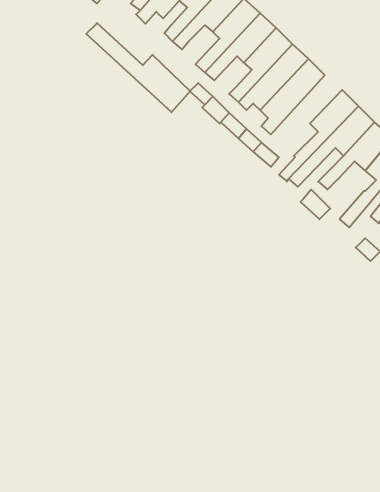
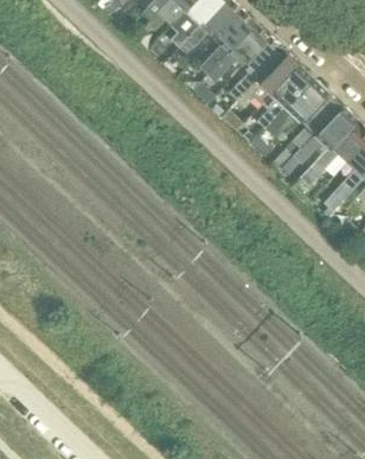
building: [86,23,190,112] -> none
building: none -> [262,84,325,144]

